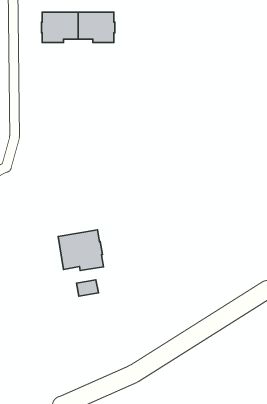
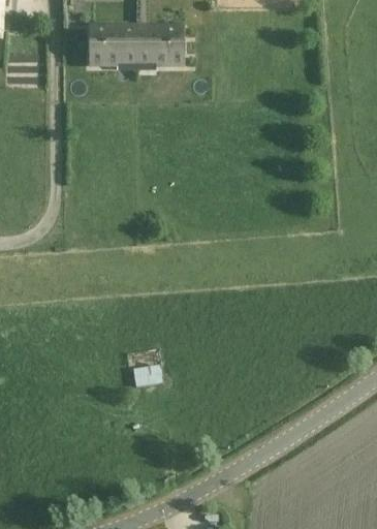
building: [58,230,104,271] -> none

